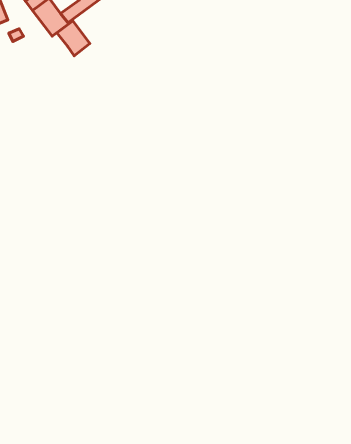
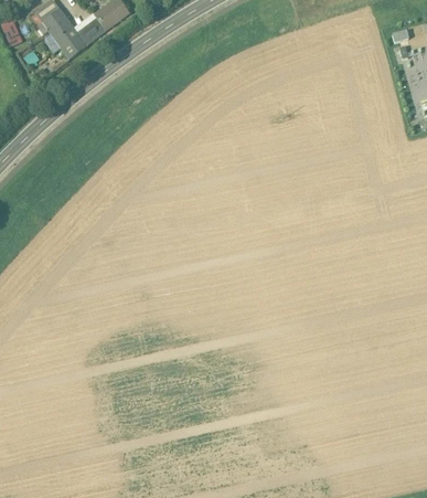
building: [57,21,90,56] -> none

